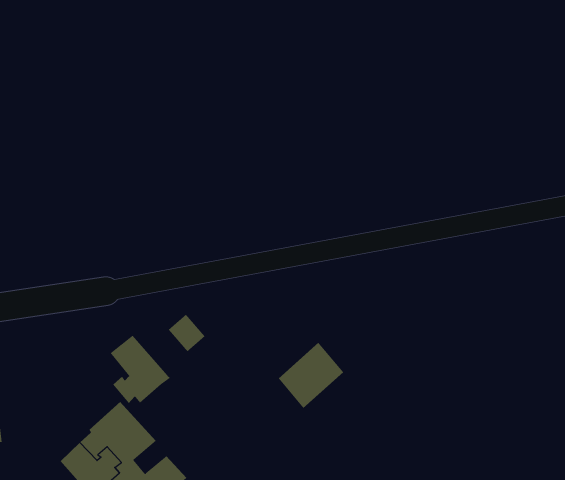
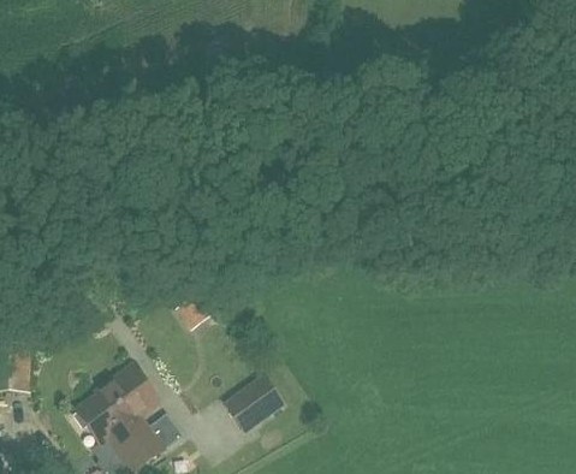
building: [110,335,171,404] -> none
building: [278,342,344,409] -> [226,375,283,431]

